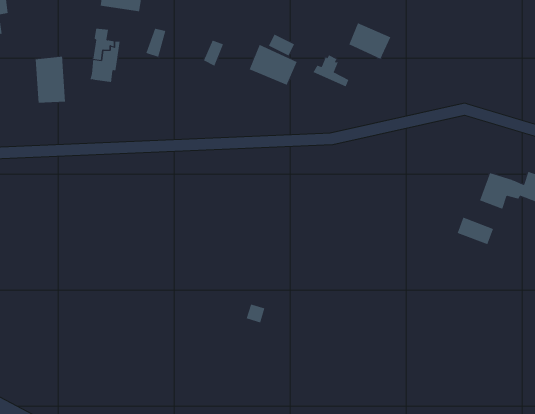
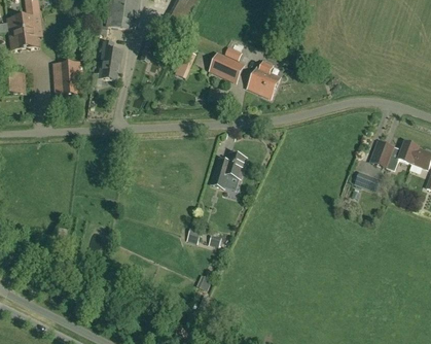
building: [349,22,391,59] -> [247,72,277,98]
building: none -> [211,152,245,187]

